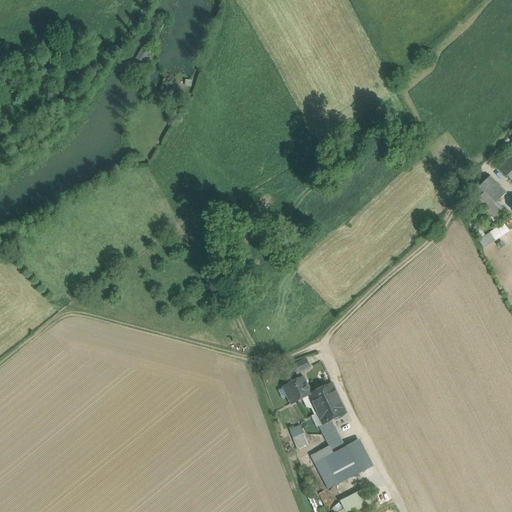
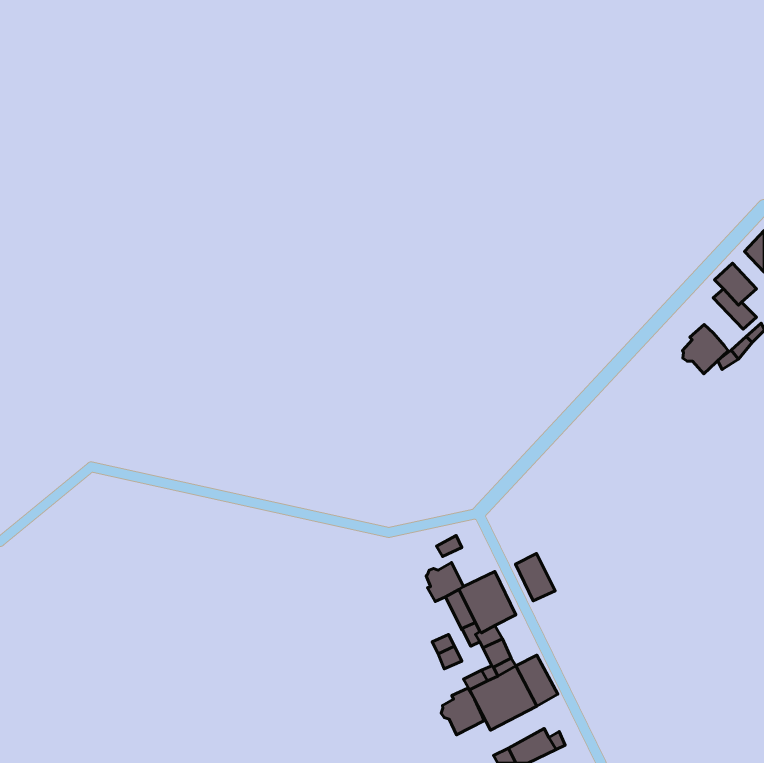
building: none -> [683,325,728,374]
building: none -> [516,553,555,601]
building: none -> [441,688,484,735]

